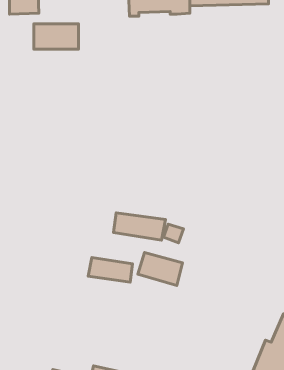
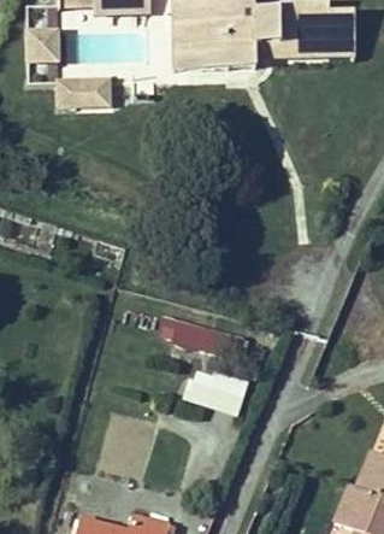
building: [88,258,132,282] -> none

